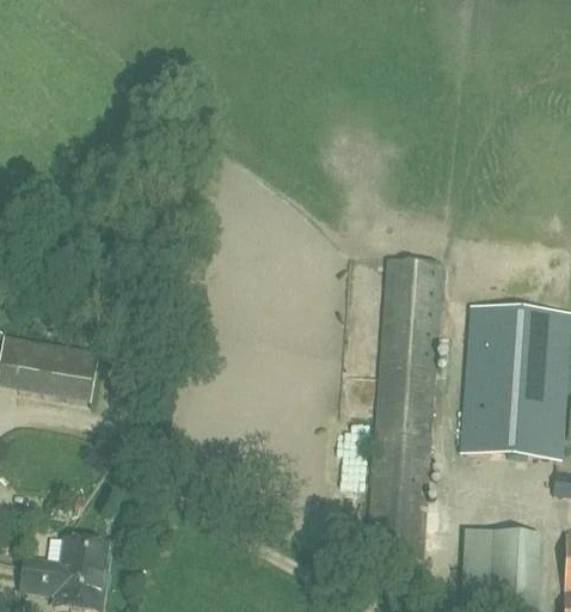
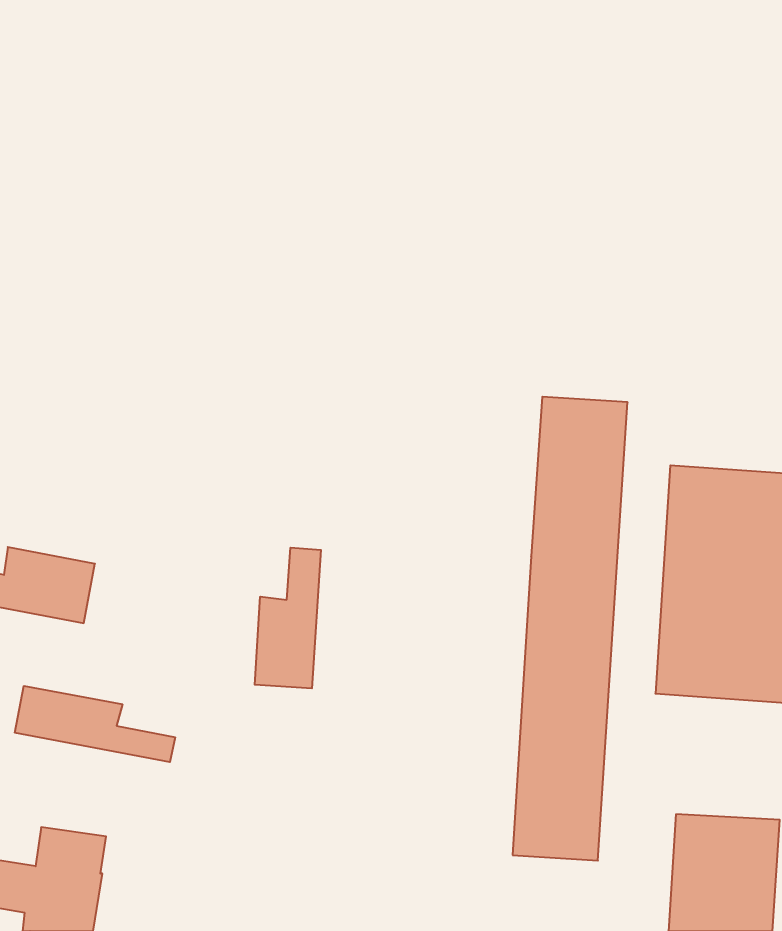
building: none -> [255,548,321,688]
building: none -> [15,686,175,762]

